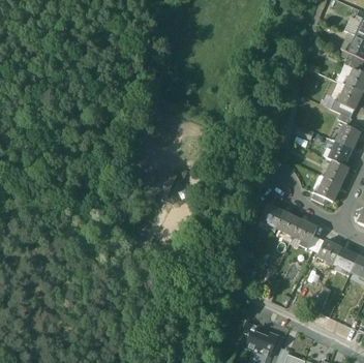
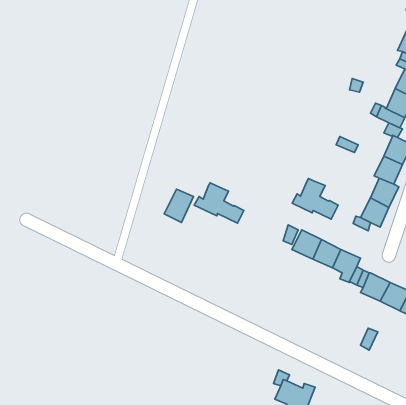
building: none -> [292,178,338,219]
building: none -> [194,183,244,223]

